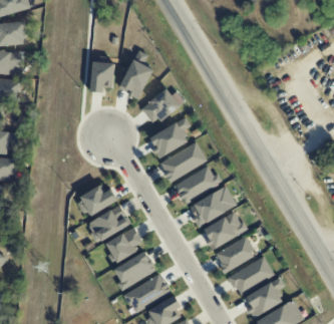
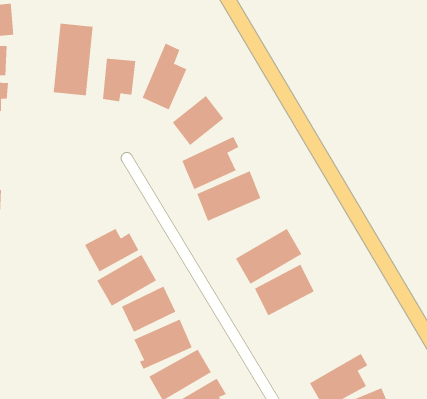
building: none -> [53,23,93,96]
building: [175,170,223,201] -> none
building: [214,237,256,273] -> none
building: [228,256,274,295] -> none

